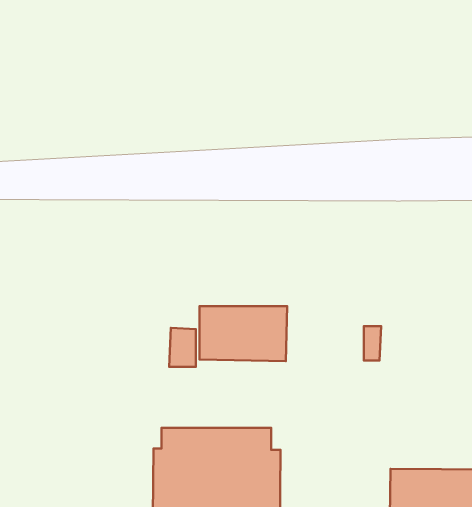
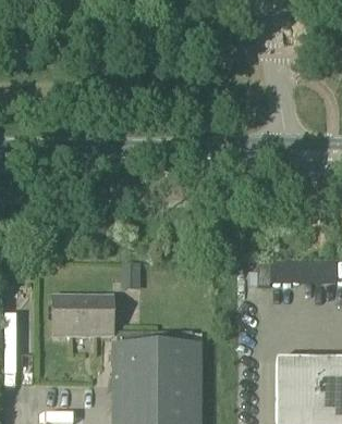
building: [199,306,287,361] -> [52,299,113,337]

